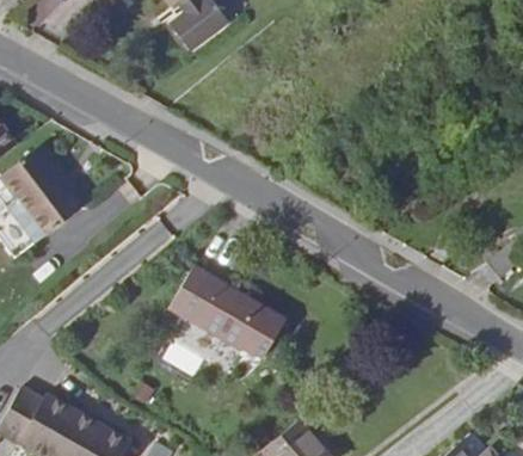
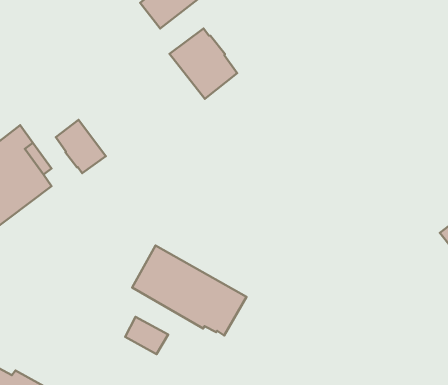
building: none -> [170,28,237,99]
building: none -> [56,120,106,173]

